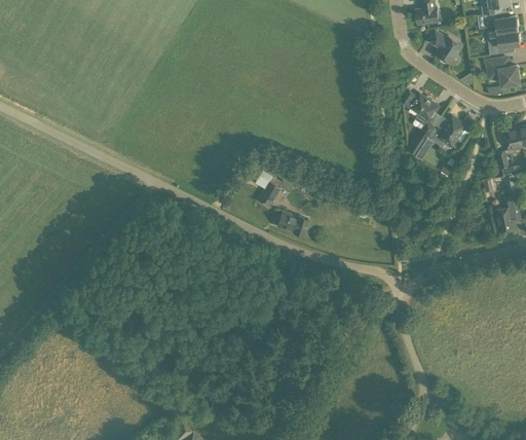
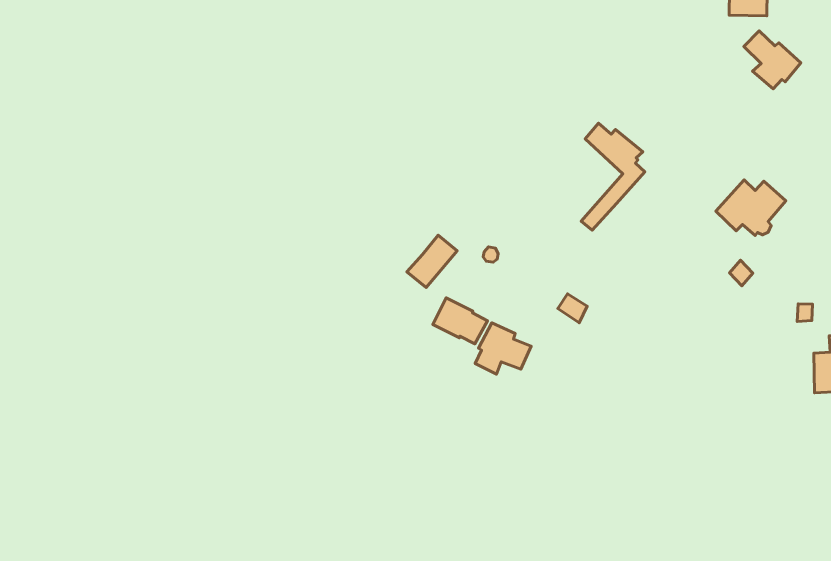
building: [404,94,441,155] -> [581,123,645,230]
building: none -> [475,323,531,374]

